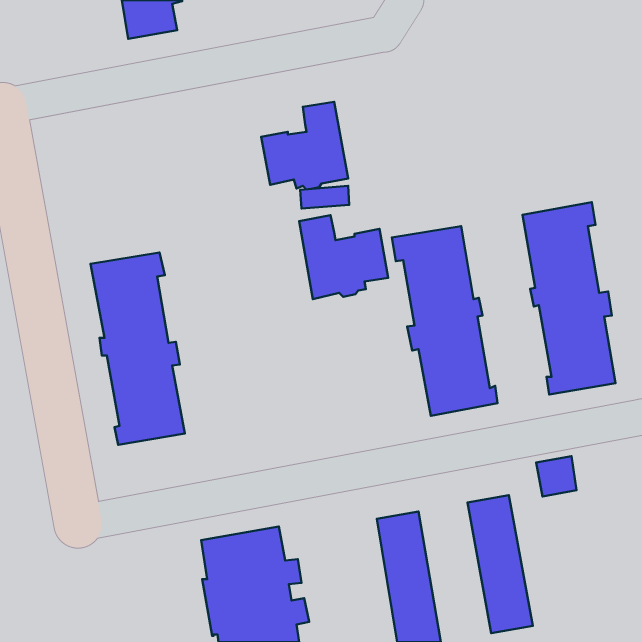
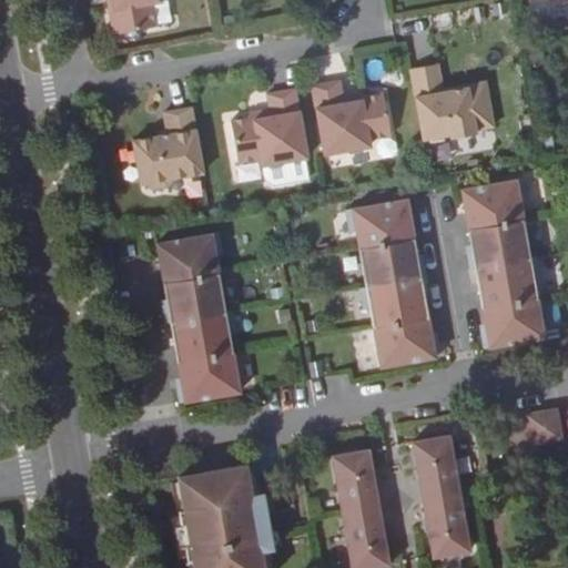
building: none -> [409,64,494,140]
building: none -> [125,108,204,192]
building: [299,215,388,299] -> [312,81,390,155]
building: [91,253,185,445] -> [156,233,240,403]
building: [536,456,577,496] -> [526,410,561,446]

